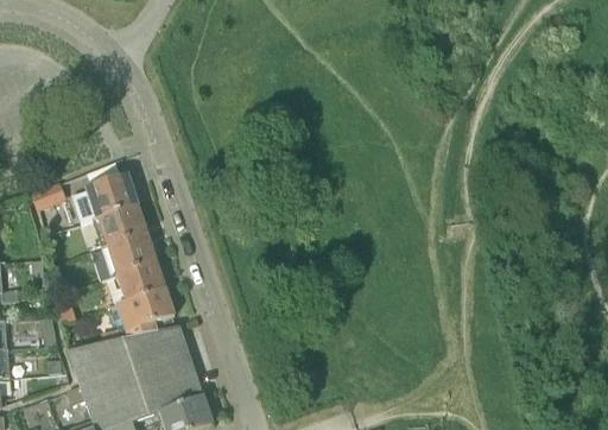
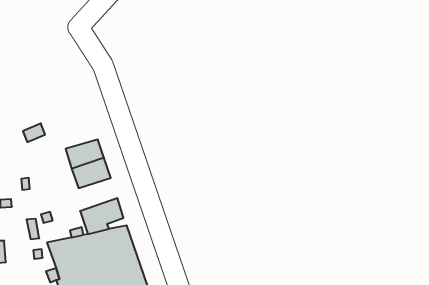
building: [70,176,138,223] -> none
building: [104,260,165,306] -> none

